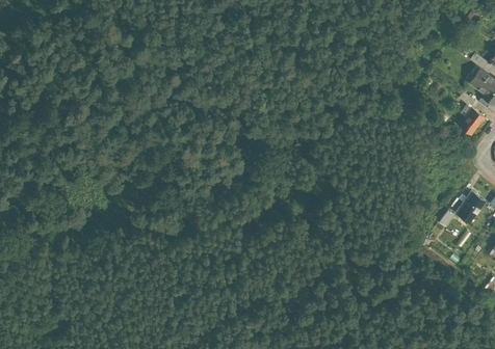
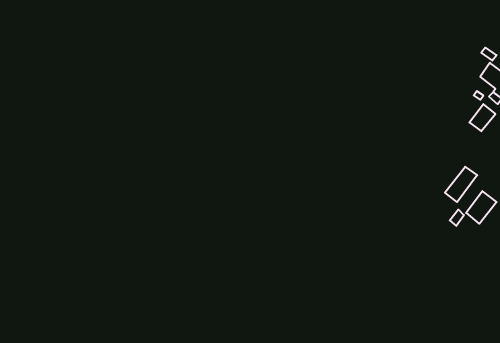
building: none -> [445,167,477,202]

